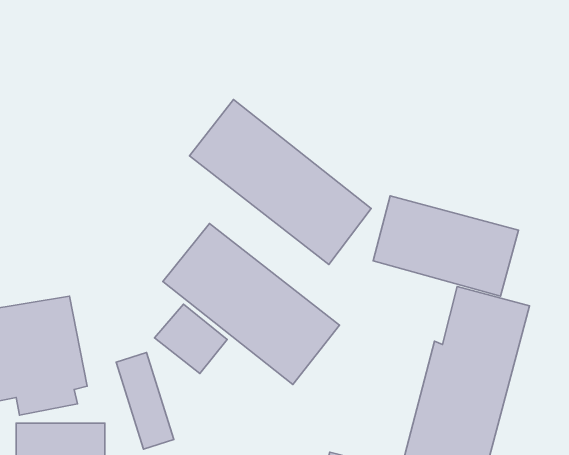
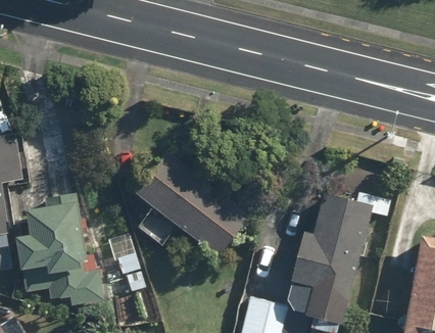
building: [190,100,371,264] -> none
building: [373,196,518,296] -> none

